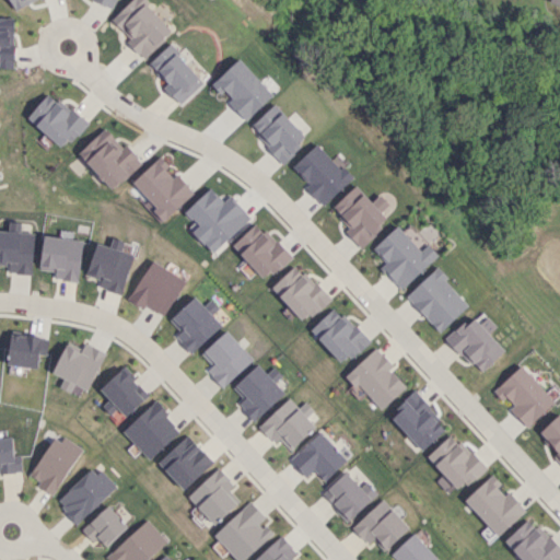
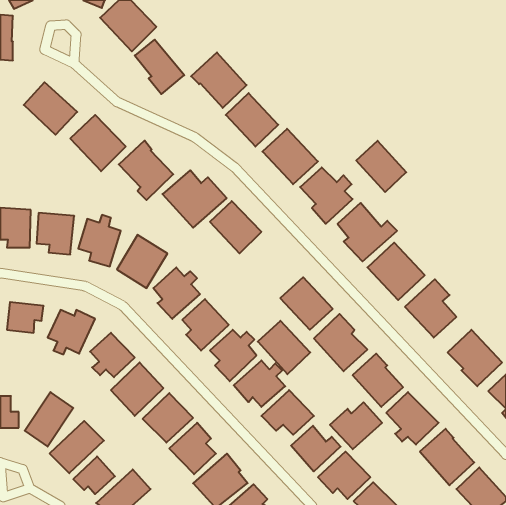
building: none -> [356,141,406,192]
building: [270,265,328,324] -> [258,321,310,374]
building: none -> [330,402,382,449]

